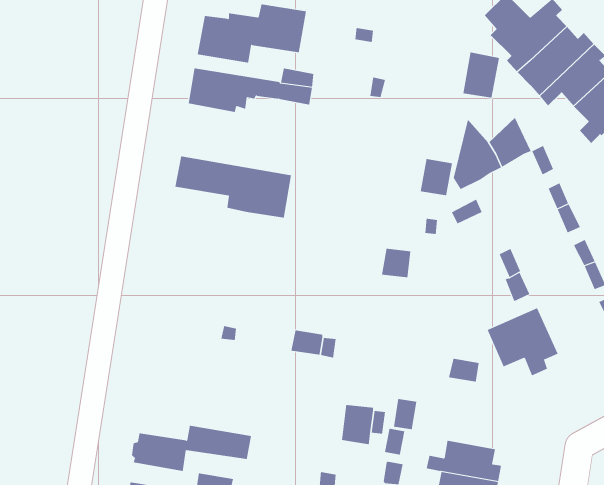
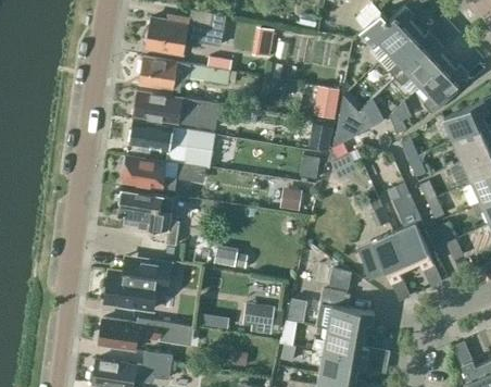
building: [463,52,500,98] -> [313,86,340,120]
building: none -> [135,90,215,128]
building: none -> [122,155,177,192]
building: none -> [388,183,432,269]
building: none -> [117,190,180,246]
building: none -> [104,258,171,311]
building: none -> [317,291,374,336]

